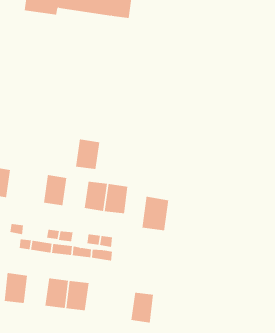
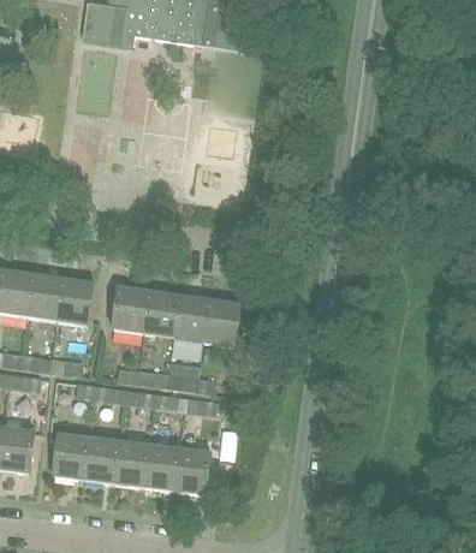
building: [75,139,100,169] -> [142,291,179,337]
building: none -> [58,279,94,325]
building: [142,196,169,231] -> none
building: none -> [84,438,120,483]
building: [130,292,154,323] -> [175,448,210,495]

